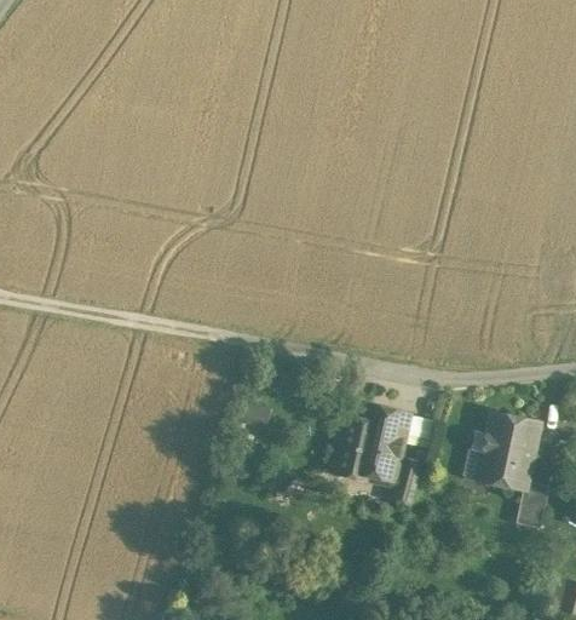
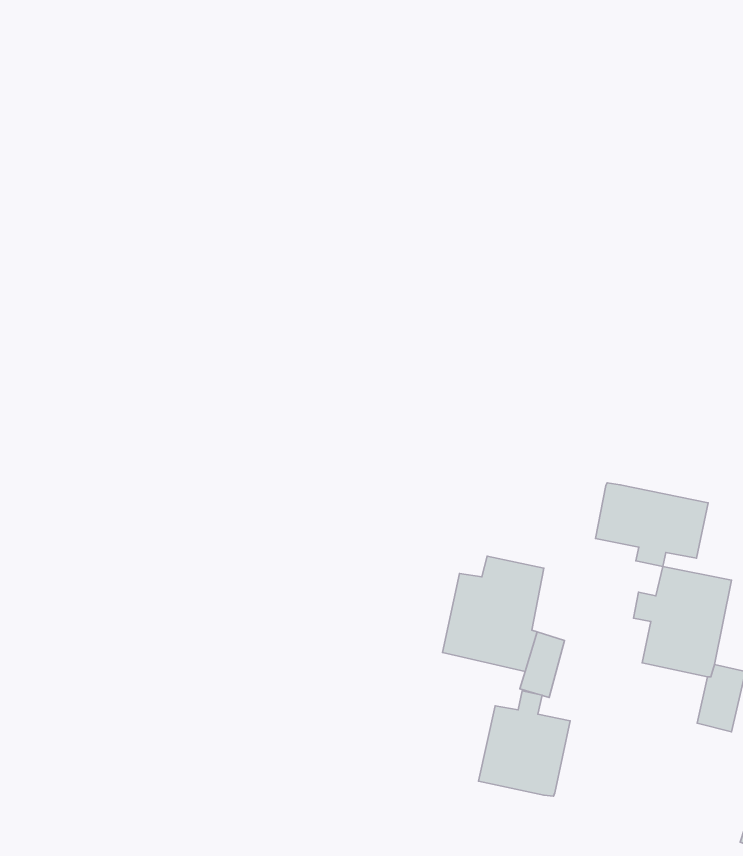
building: none -> [595,483,708,566]
building: none -> [478,691,570,796]

